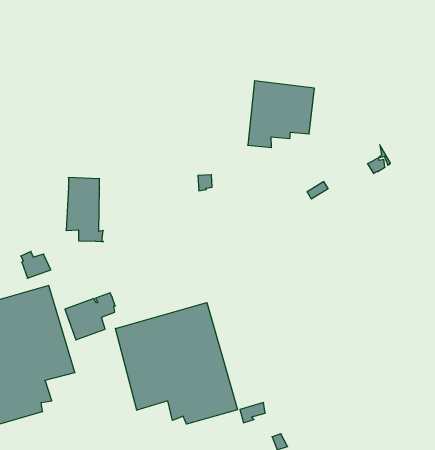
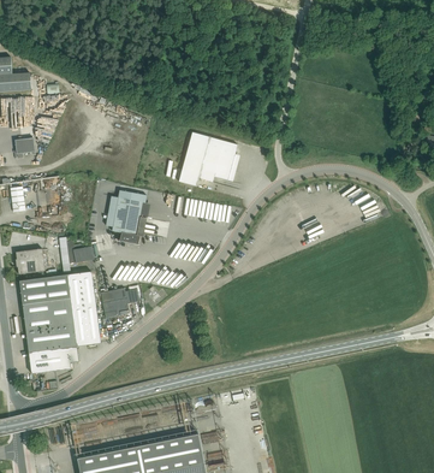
building: [248,81,314,148] -> [178,132,237,187]
building: [115,303,238,424] -> none

